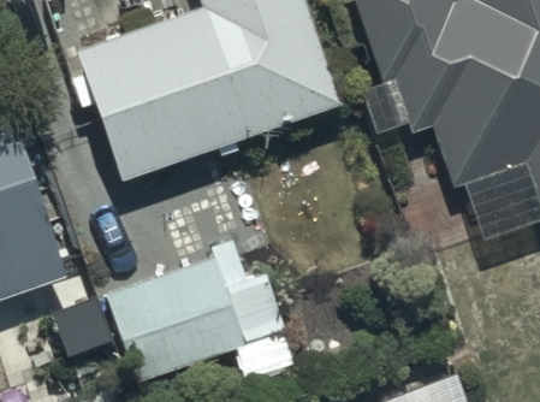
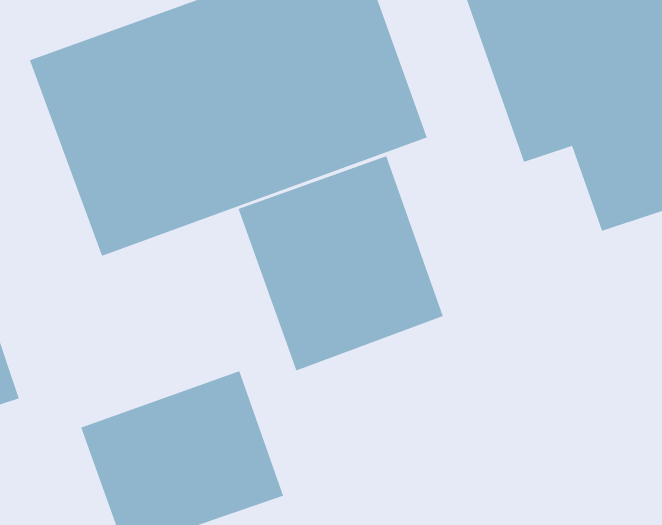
building: none -> [237,155,444,372]

